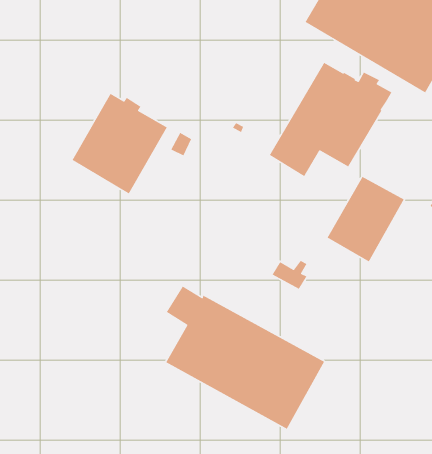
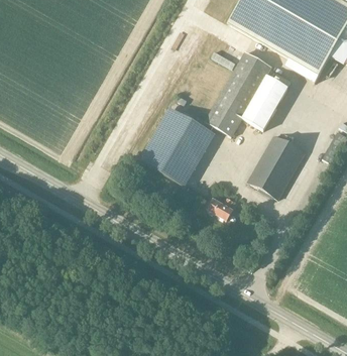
building: [72,93,168,194] -> [141,108,212,183]
building: [165,286,325,430] -> none

